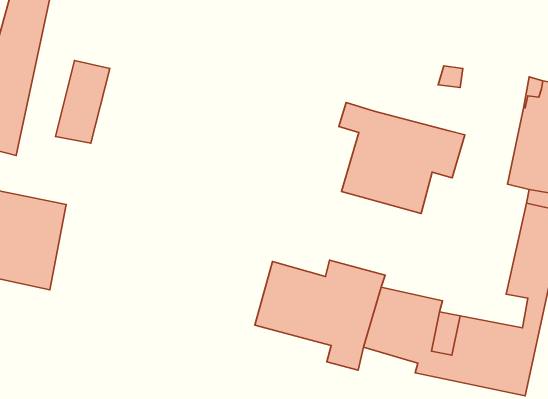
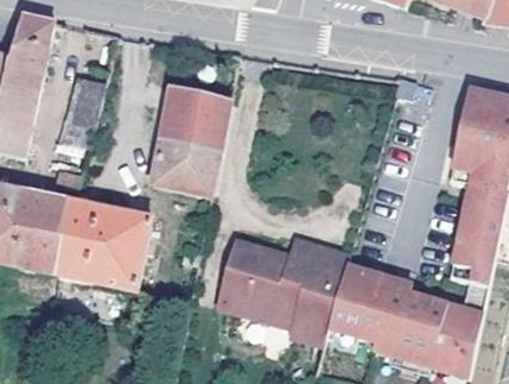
building: none -> [152,87,229,195]
building: [339,103,465,214] -> none
building: none -> [53,200,151,291]

